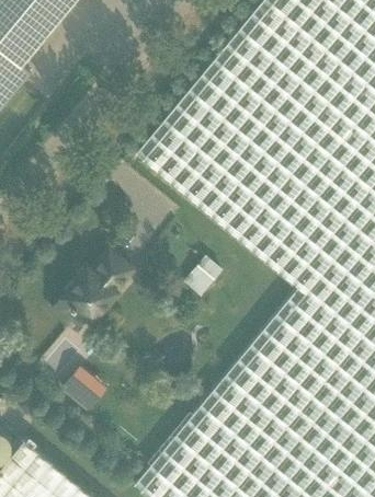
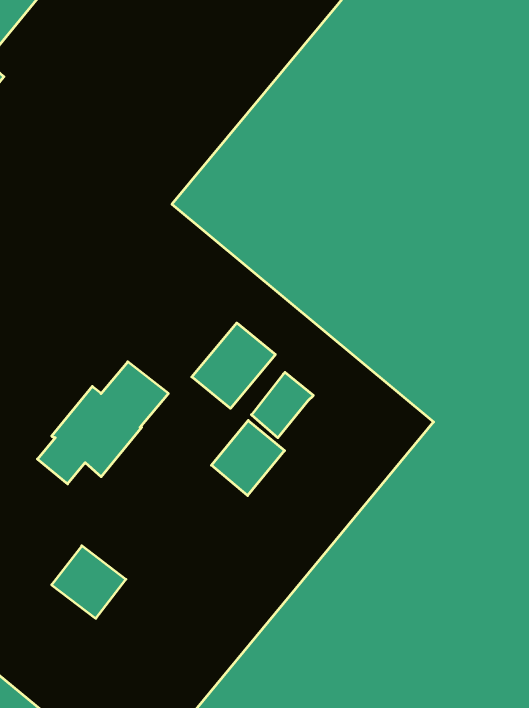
building: none -> [192,323,275,408]
building: none -> [211,420,285,496]

